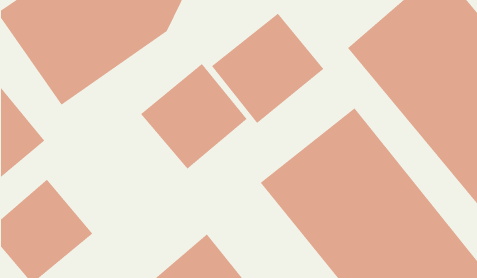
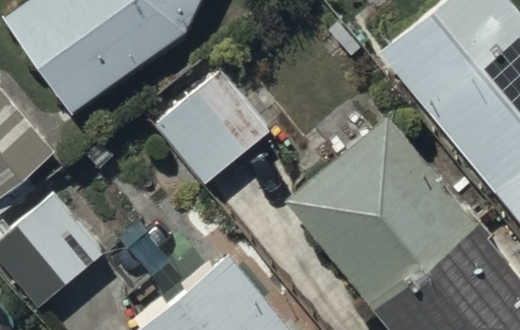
building: [211,13,324,124] -> none

